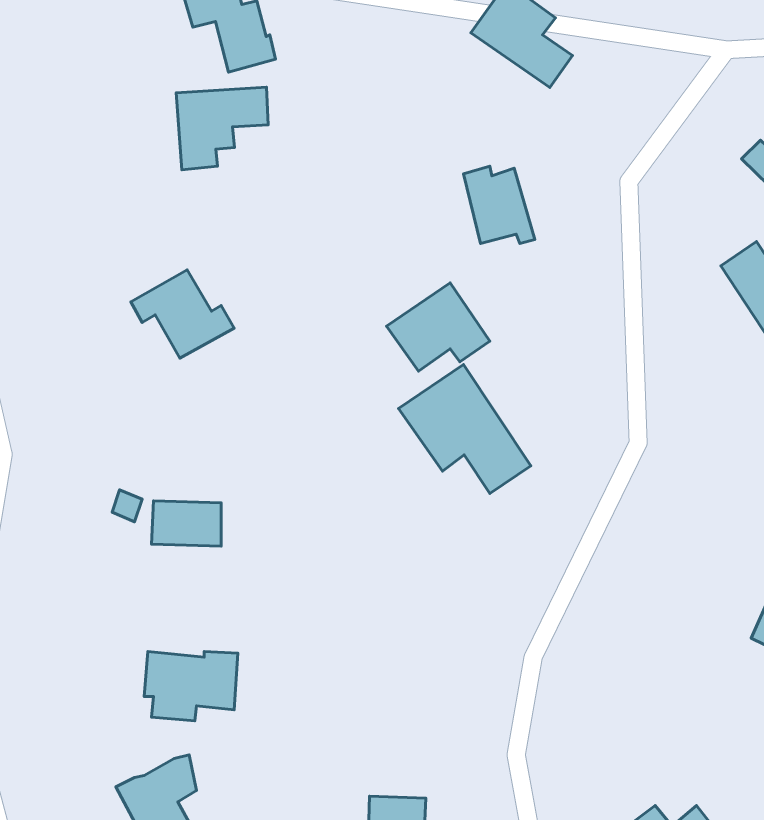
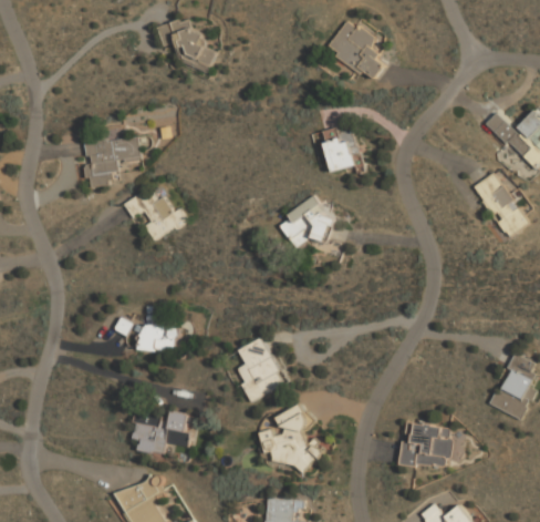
building: [176,87,268,170] -> [84,137,138,186]
building: [398,364,531,494] -> none
building: none -> [235,336,283,400]
building: none -> [260,406,320,475]
building: none -> [398,421,451,468]

